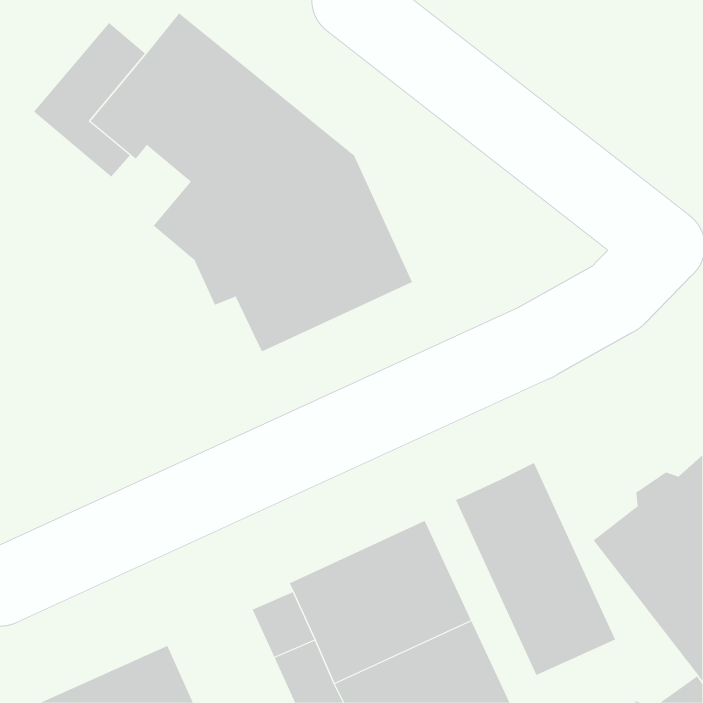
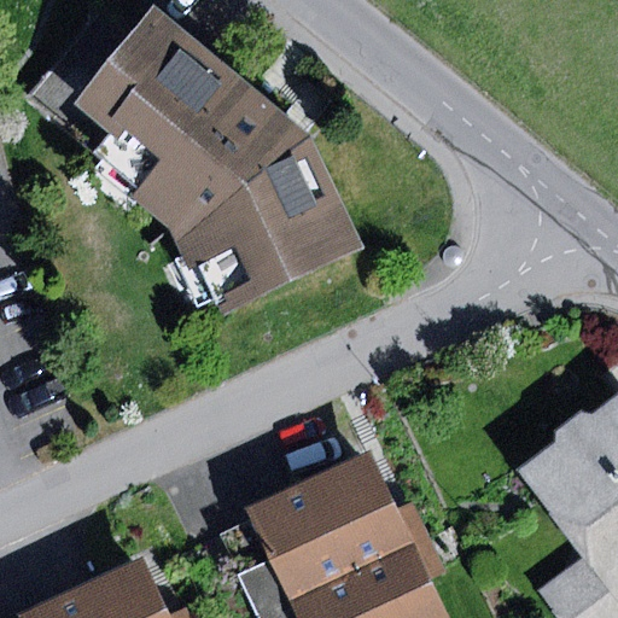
building: [455,462,616,676] -> none

